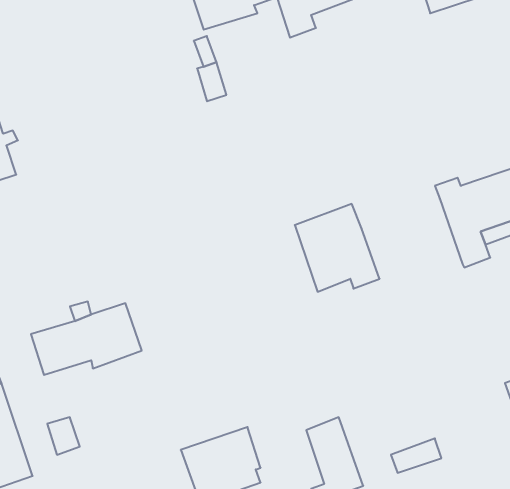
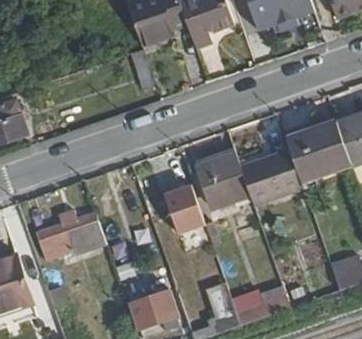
building: none -> [239,148,301,205]
building: none -> [164,183,205,234]

